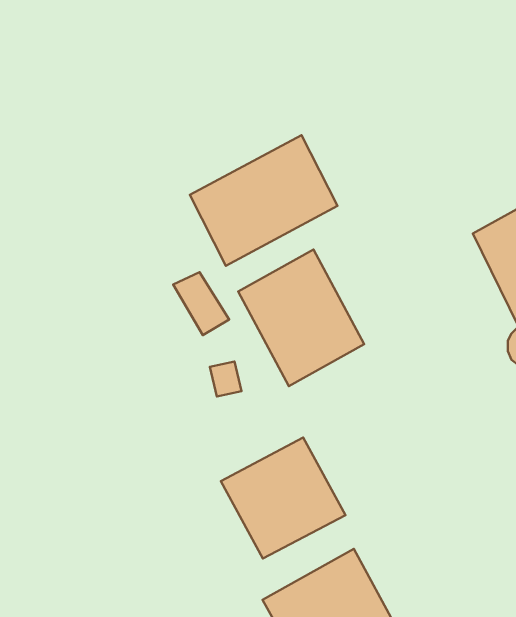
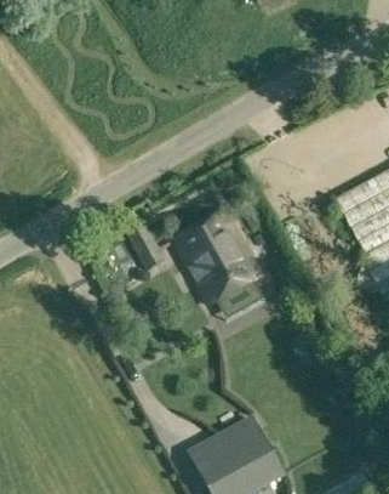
building: [190,135,338,266] -> none
building: [221,438,345,559] -> none

